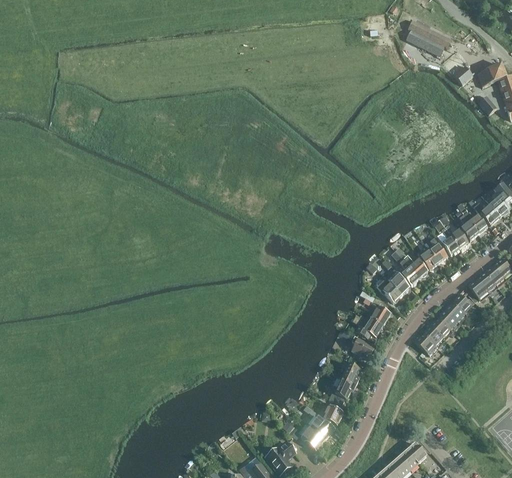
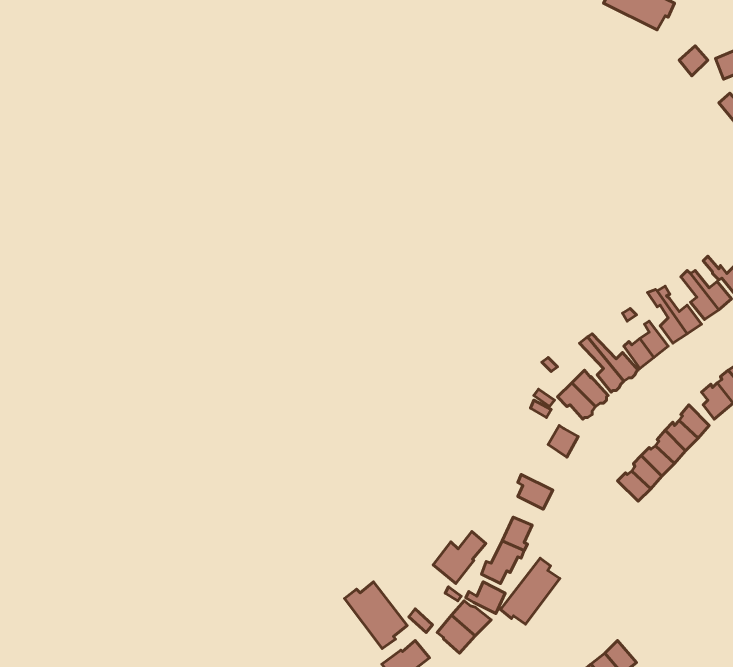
building: [354,314,382,339] -> none
building: none -> [433,531,486,584]
building: none -> [501,558,560,624]
building: none -> [344,582,407,649]

